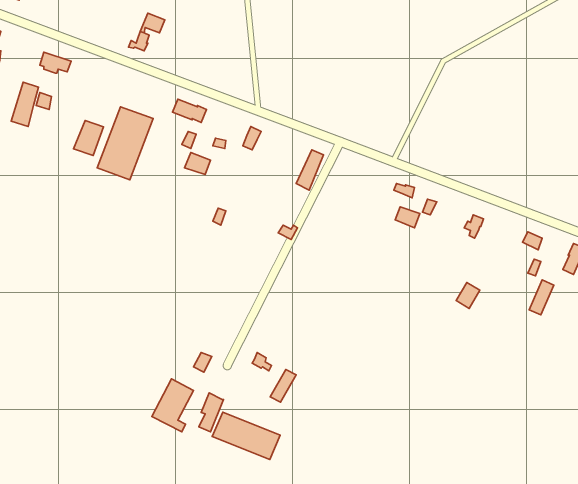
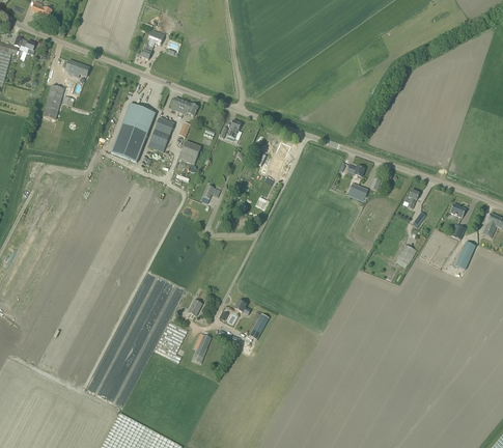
building: [74,120,103,155] -> [149,117,173,145]
building: [212,412,280,459] -> none

